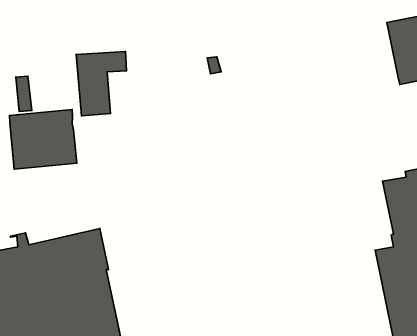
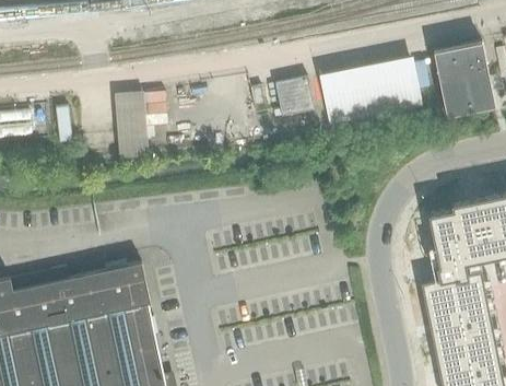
building: none -> [321,65,421,127]
building: none -> [275,79,313,117]
building: [10,109,77,169] -> none

